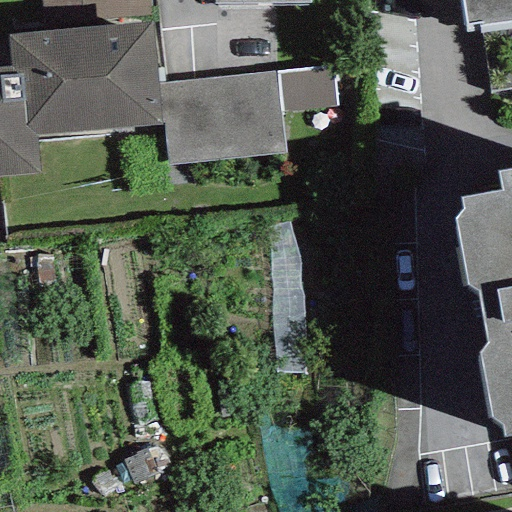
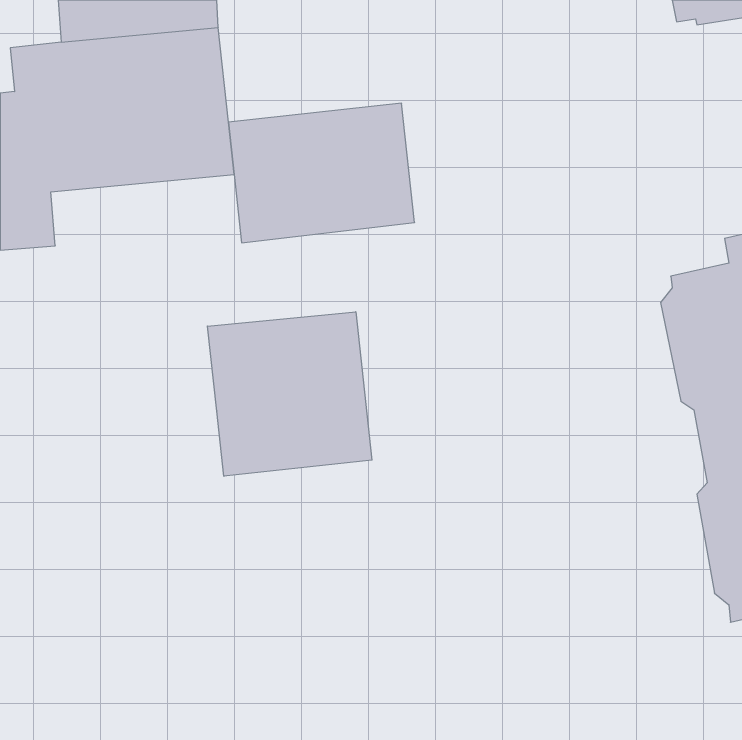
building: none -> [207,312,372,476]

